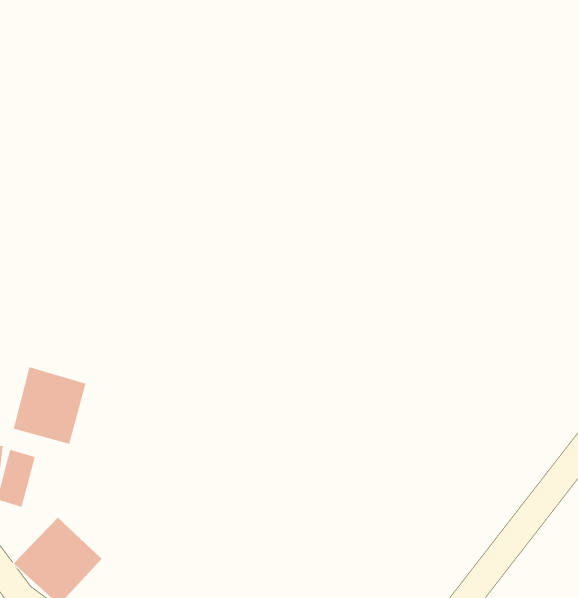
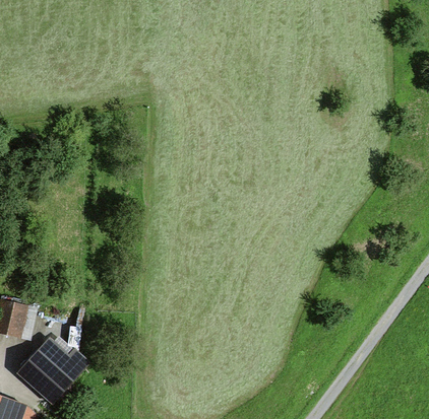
building: [13,366,87,445] -> none

